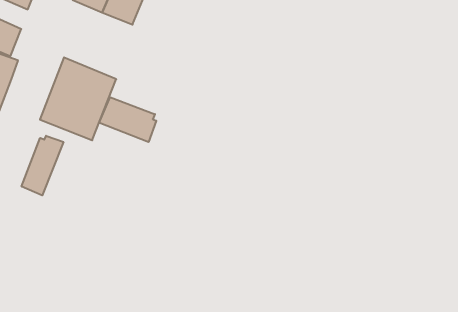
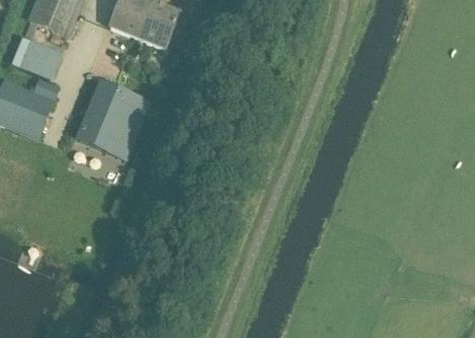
building: [99,97,156,142] -> none
building: [22,136,63,195] -> none

